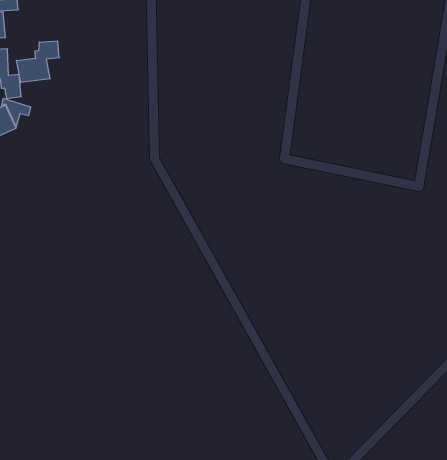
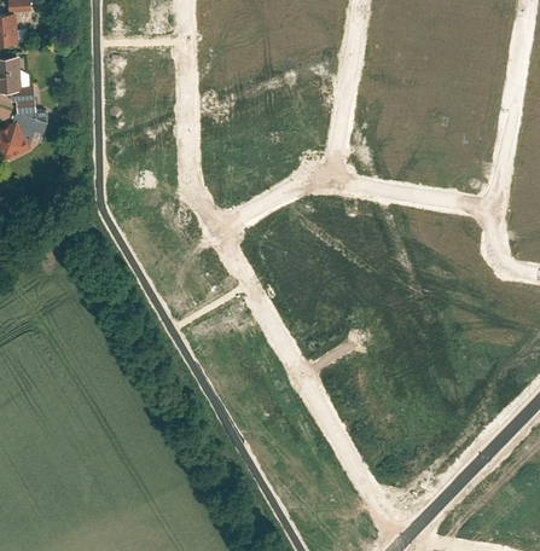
building: [17,41,59,83] -> none

